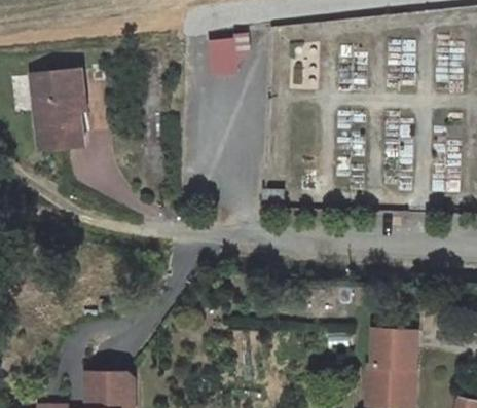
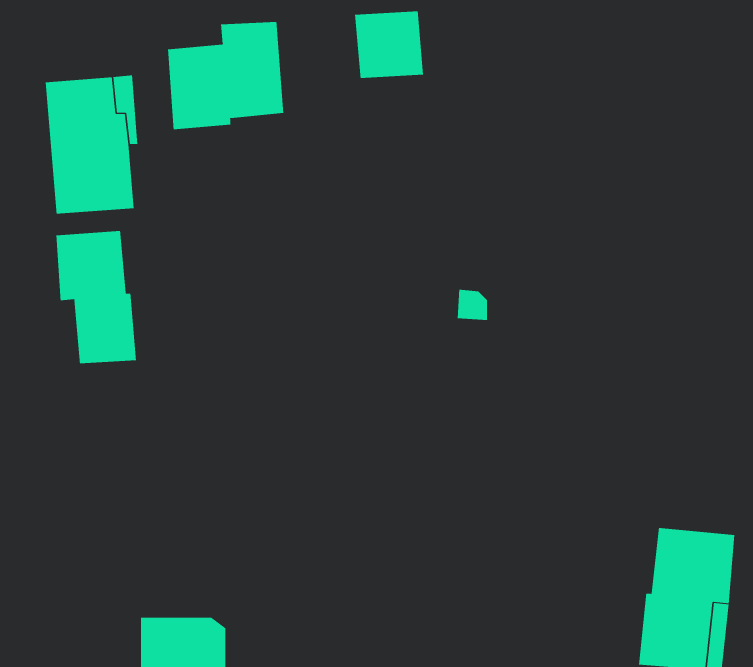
building: none -> [168,21,284,130]
building: none -> [56,230,137,364]

